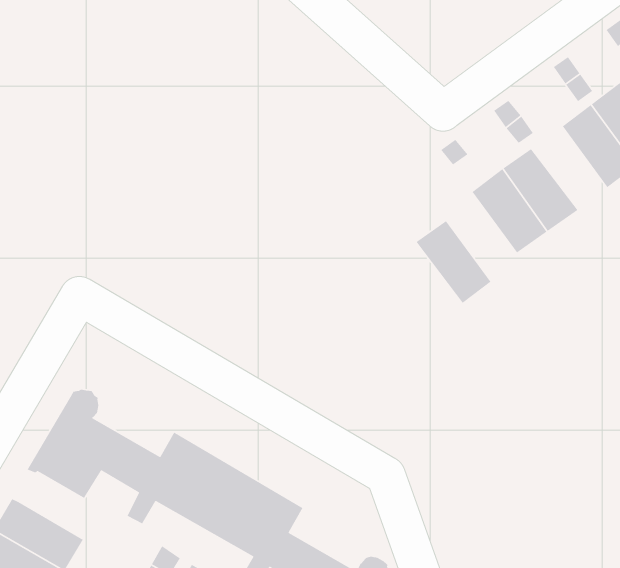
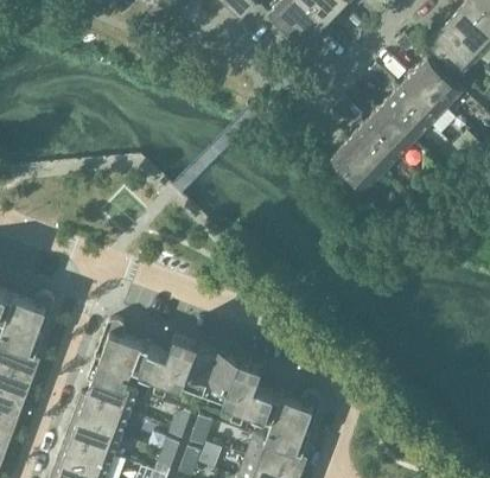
building: [415,220,491,304] -> [363,108,414,158]
building: none -> [85,376,138,413]

